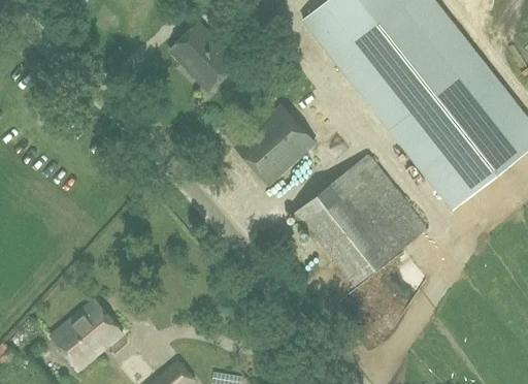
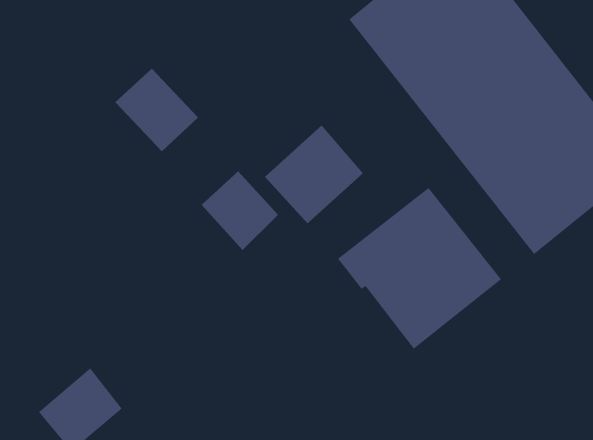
building: [170,22,238,90] -> [115,68,199,152]
building: none -> [201,170,279,251]

